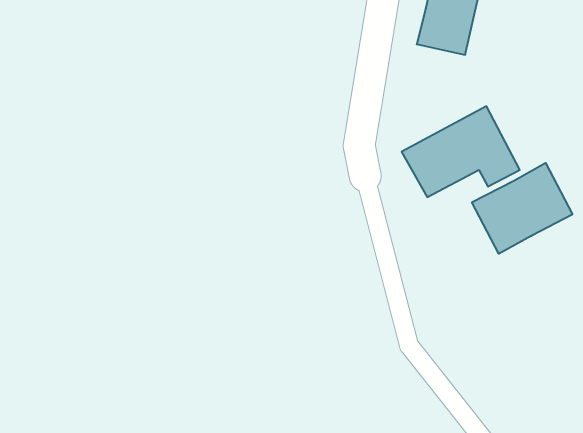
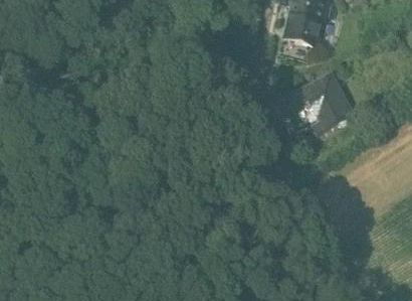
building: [472,163,572,254] -> none

